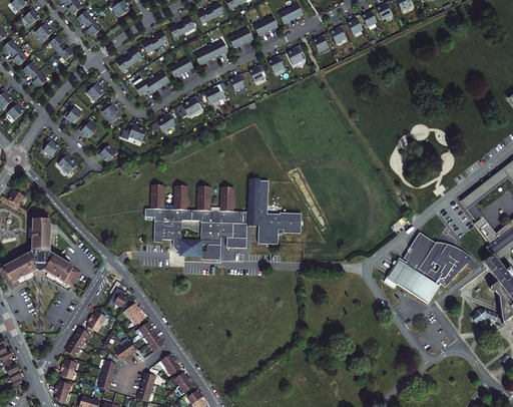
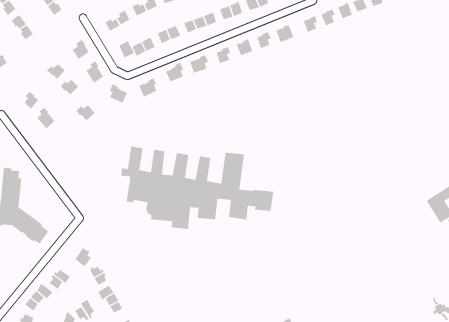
building: [388,234,471,304] -> none

